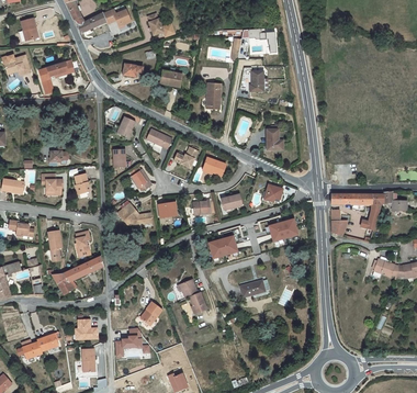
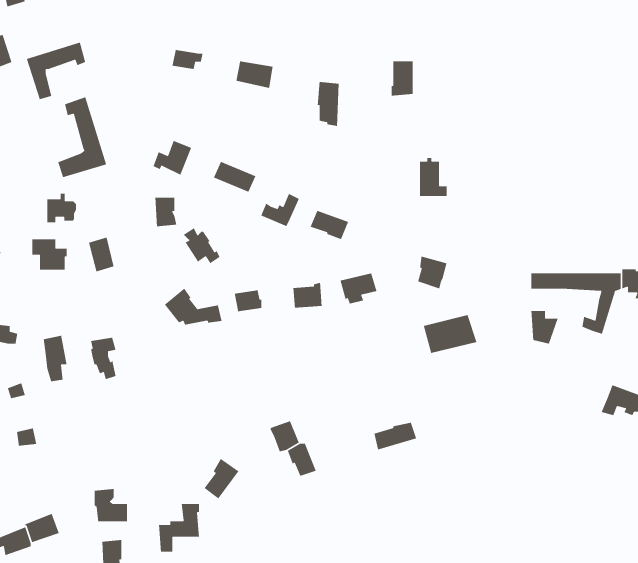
building: none -> [57,96,107,178]
building: [208,234,238,258] -> none
building: [52,256,103,294] -> none

